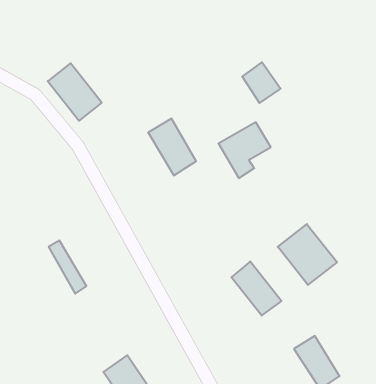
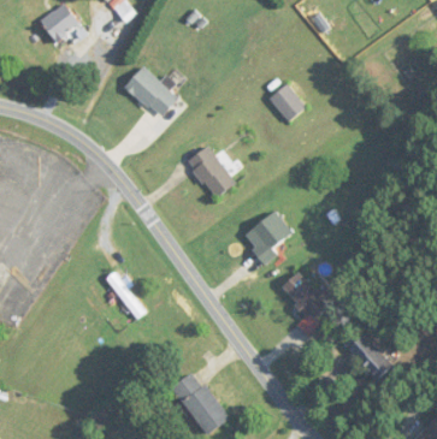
building: [48,63,102,121] -> [125,66,178,119]
building: [218,122,271,178] -> [241,210,290,265]
building: [278,224,337,285] -> none

